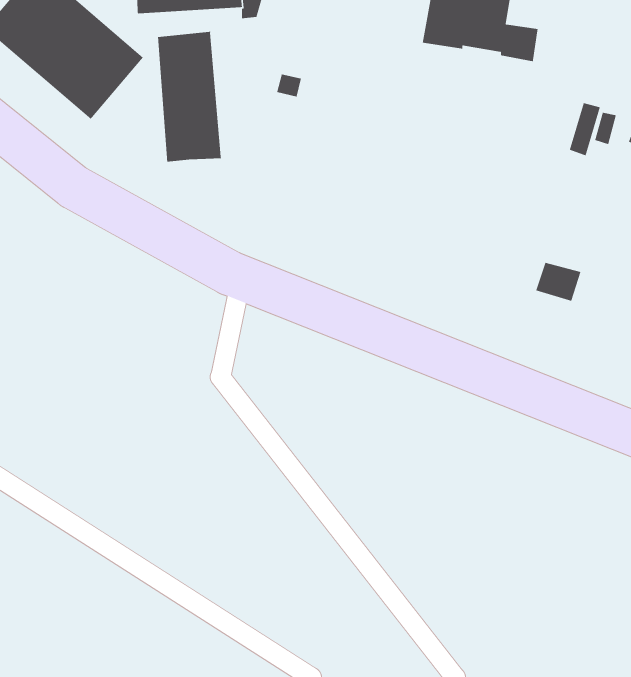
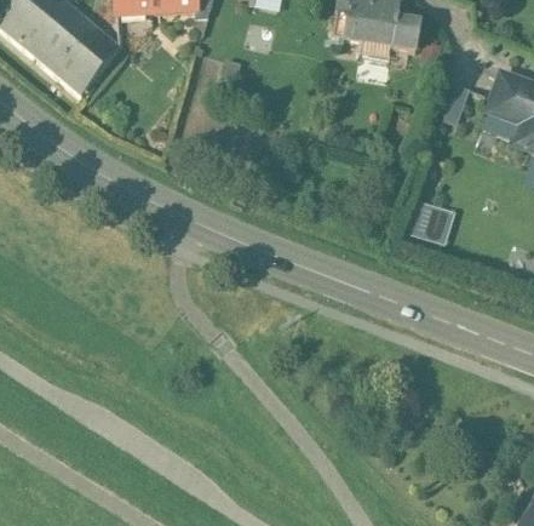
building: [157,31,222,162] -> none

